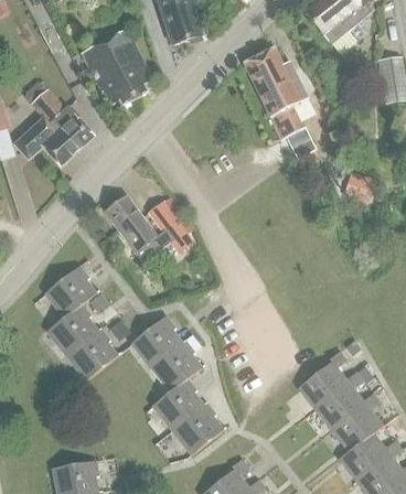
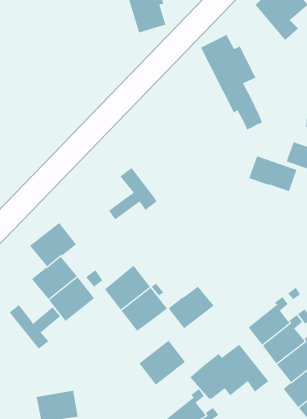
building: [81,28,156,105] -> none
building: [15,89,95,165] -> none
building: none -> [249,155,297,192]
building: [105,195,157,251] -> none
building: none -> [9,304,61,349]
building: [152,378,206,429] -> [168,286,214,329]
building: none -> [190,344,269,399]

